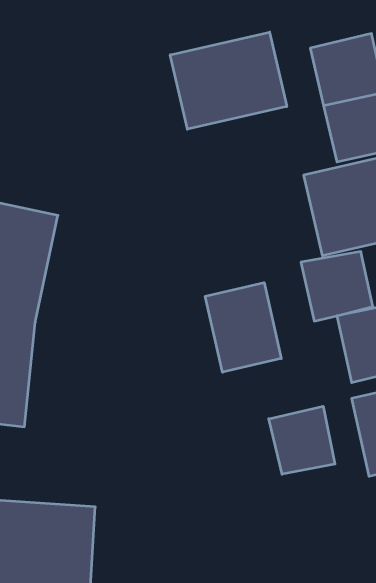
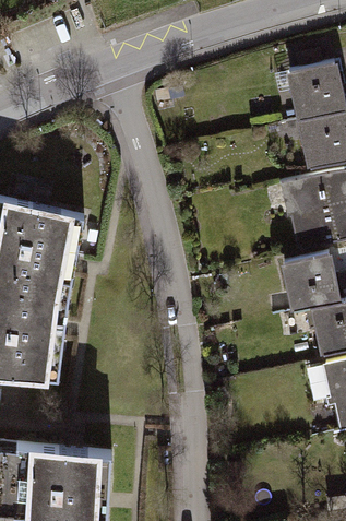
building: [170,32,287,129] -> none
building: [205,283,281,372] -> none
building: [269,406,335,474] -> none

